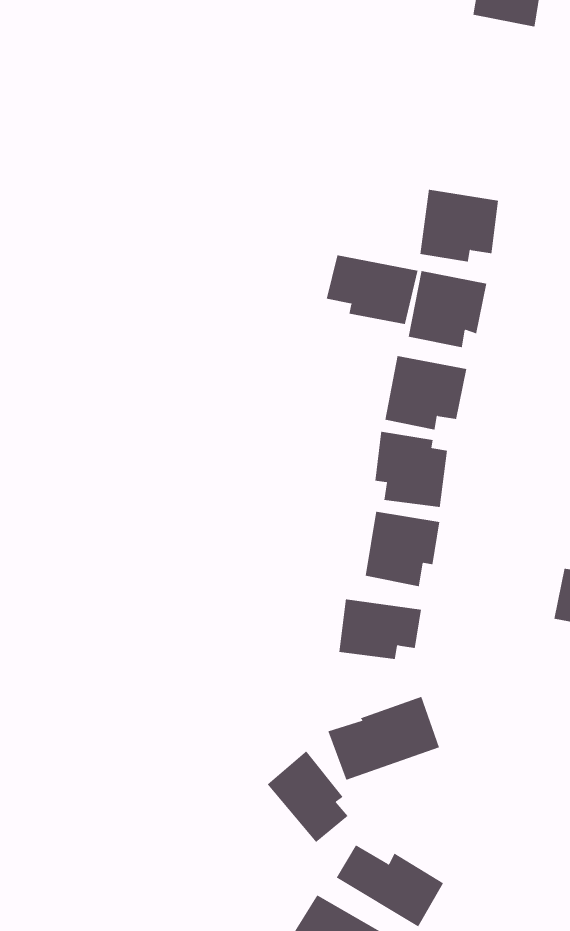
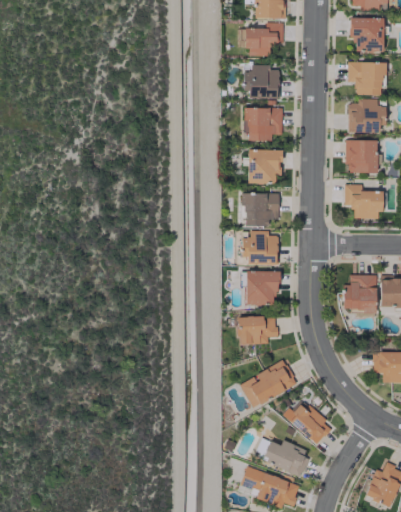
building: none -> [247,22,284,55]
building: none -> [244,64,279,98]
building: [326,254,418,325] -> none
building: [267,751,348,843] -> [288,400,331,445]

